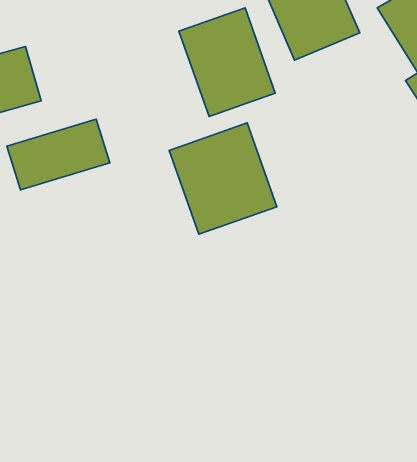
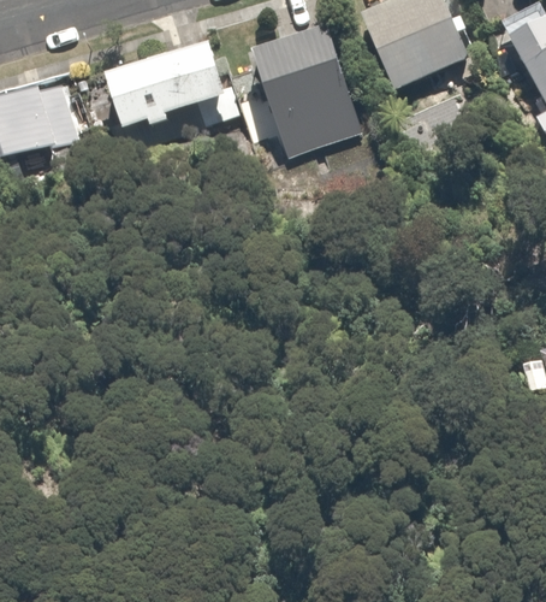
building: [7,119,110,190] -> [101,39,229,126]
building: [169,123,277,234] -> none

